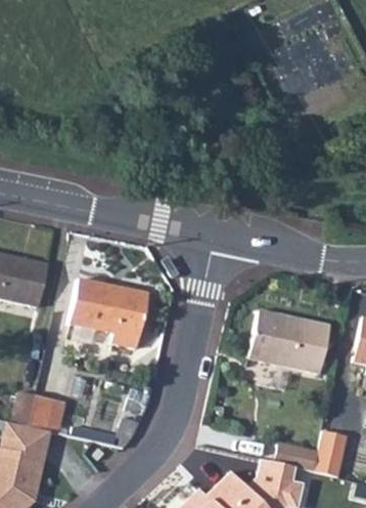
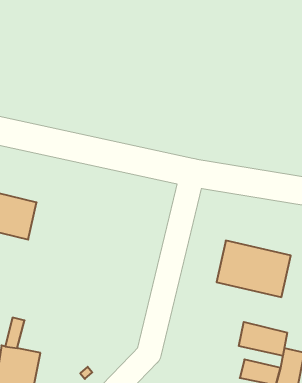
building: [70,279,149,349] -> none
building: [28,397,64,433] -> none
building: none -> [239,322,287,356]

